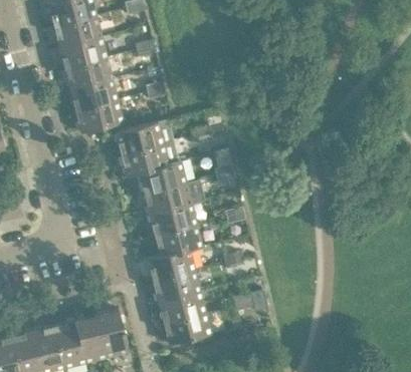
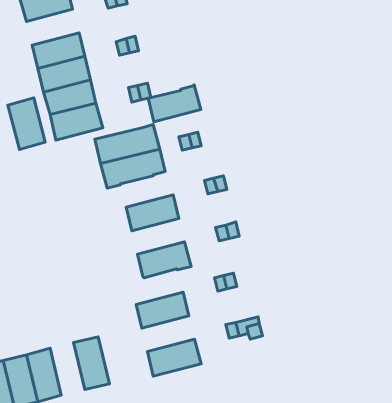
building: [53,15,100,47] -> none
building: none -> [8,98,45,150]
building: [138,159,185,193] -> [148,85,201,122]
building: [148,203,195,235] -> none
building: [146,248,194,280] -> none
building: [157,290,204,322] -> none
building: [74,314,106,361] -> none

